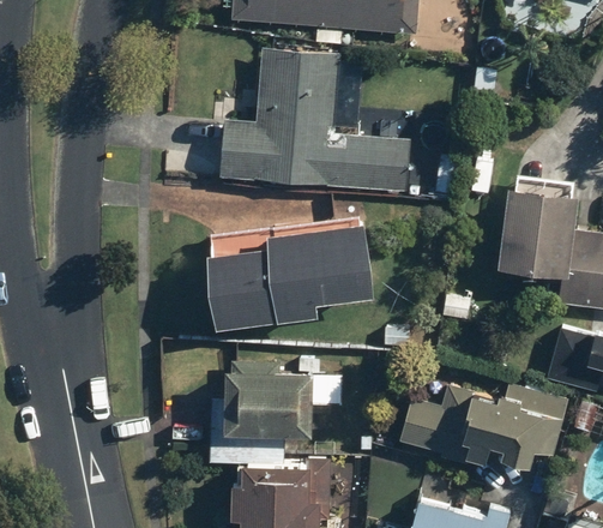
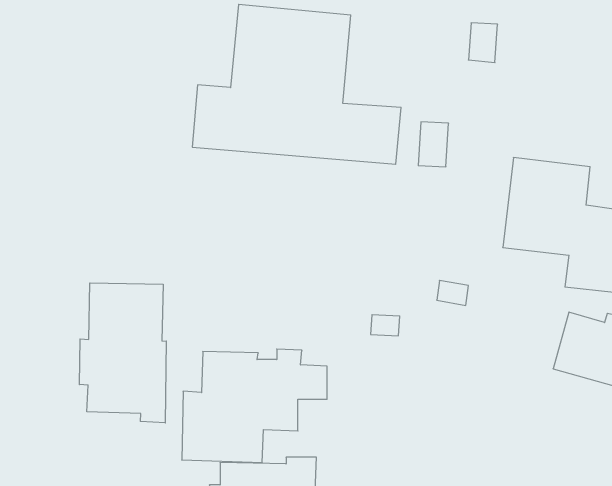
building: [207,221,375,329] -> none
building: none -> [79,283,166,423]
building: [398,385,568,467] -> none

